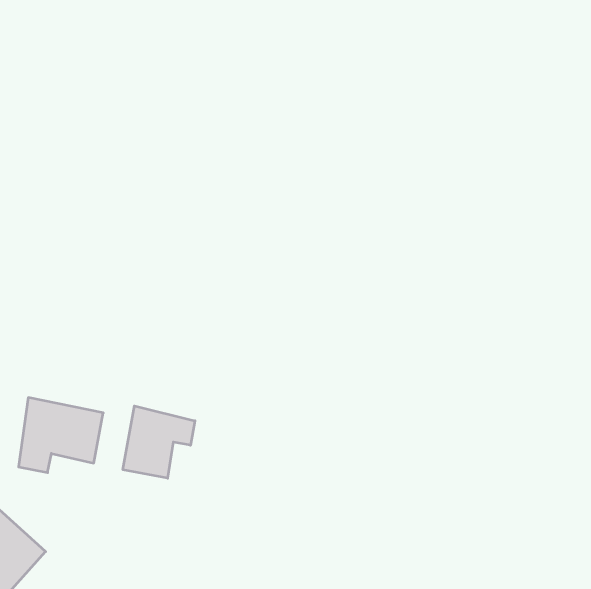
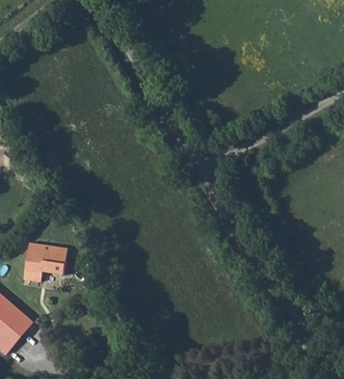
building: [123,406,195,478] -> none

